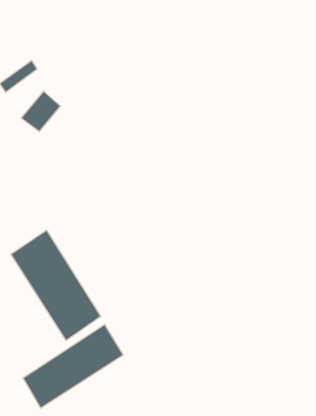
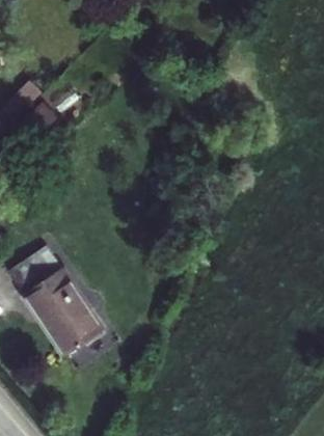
building: [23,325,123,408] -> none

